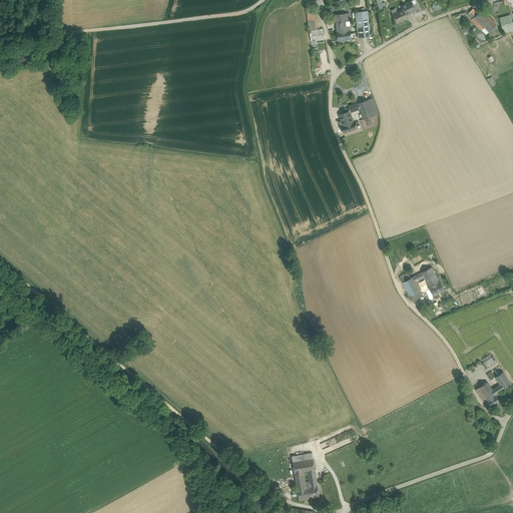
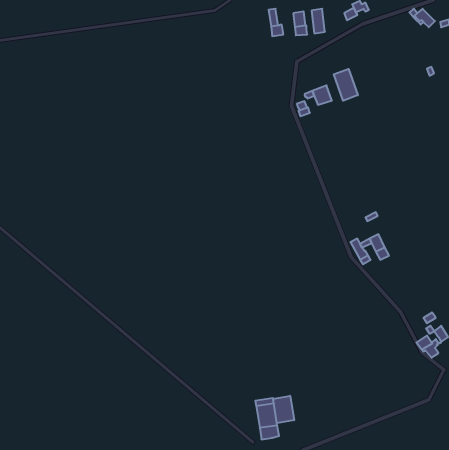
building: none -> [334,69,358,101]
building: none -> [273,396,294,423]

